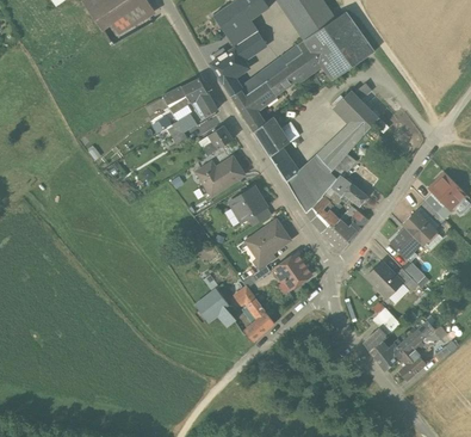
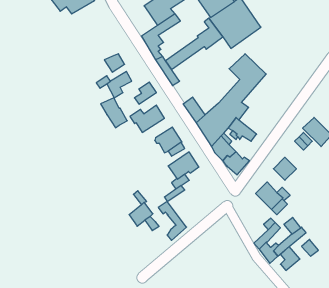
building: [181,78,217,118] -> [101,98,127,128]
building: [254,116,290,154] -> none
building: [403,210,436,244] -> none
building: [273,251,310,288] -> none

